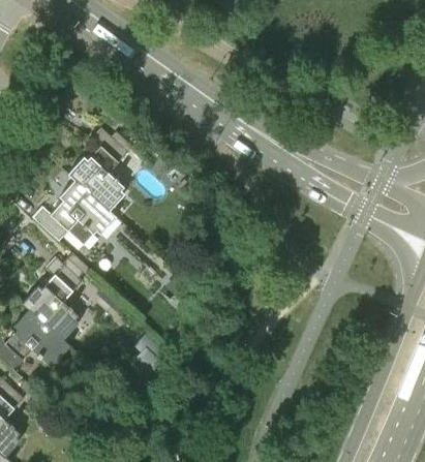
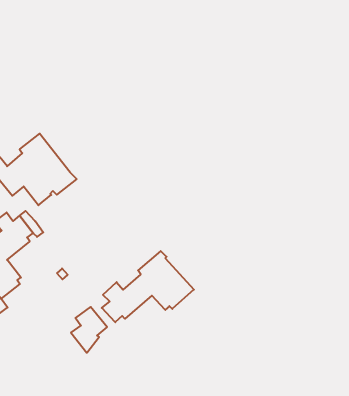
building: [68,128,128,211] -> none
building: none -> [102,251,194,322]

